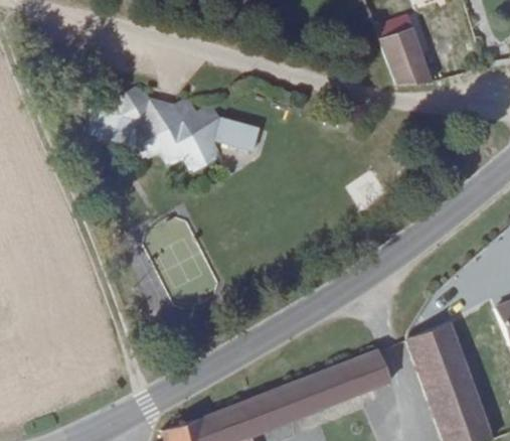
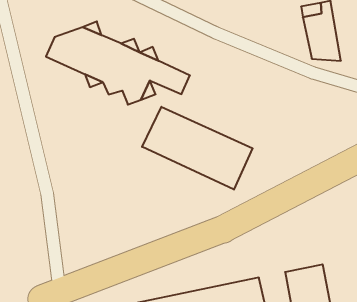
building: none -> [142,107,253,190]

